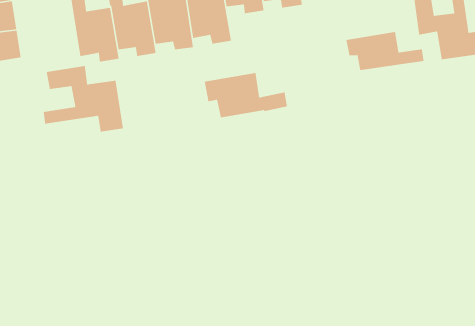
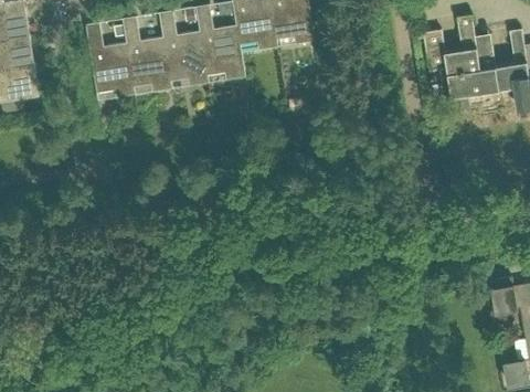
building: [346,31,425,72] -> none
building: [43,65,124,133] -> none
building: [204,72,288,120] -> none

